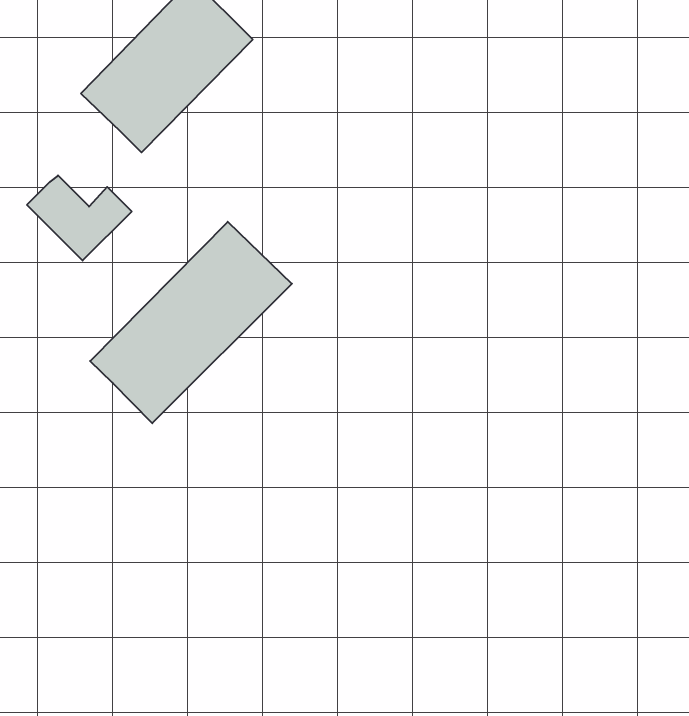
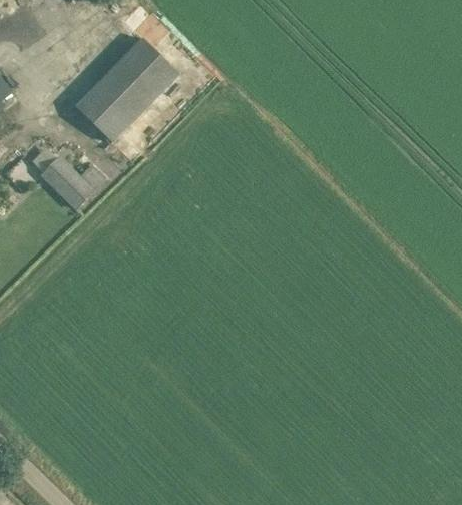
building: [90,222,292,423] -> none

